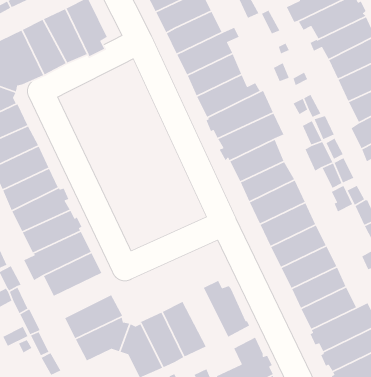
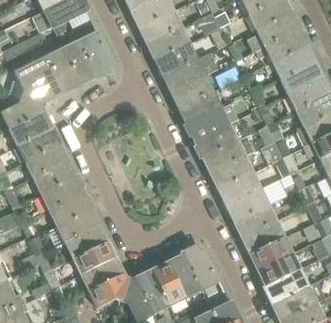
building: none -> [71,241,115,275]
building: none -> [169,254,203,297]

